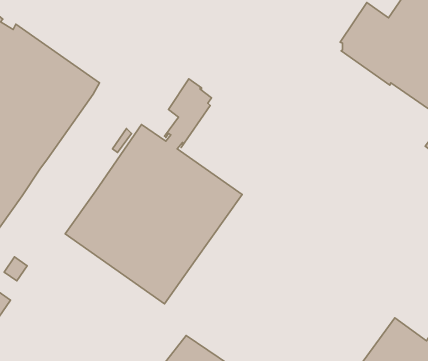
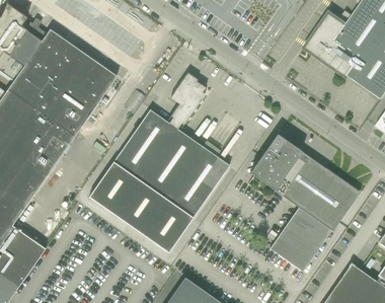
building: none -> [250,135,360,272]

